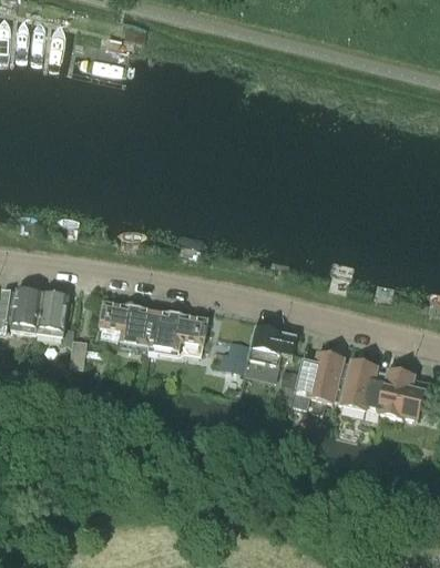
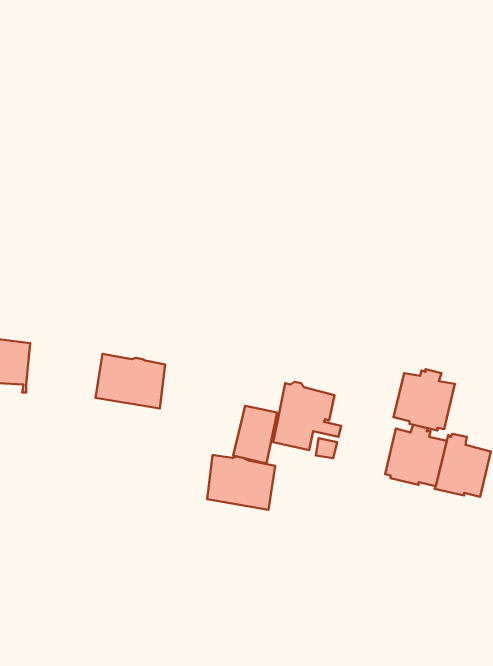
building: [40,292,88,366] -> none
building: [151,310,207,355] -> [207,455,275,510]
building: [296,351,347,402] -> [394,369,455,430]

